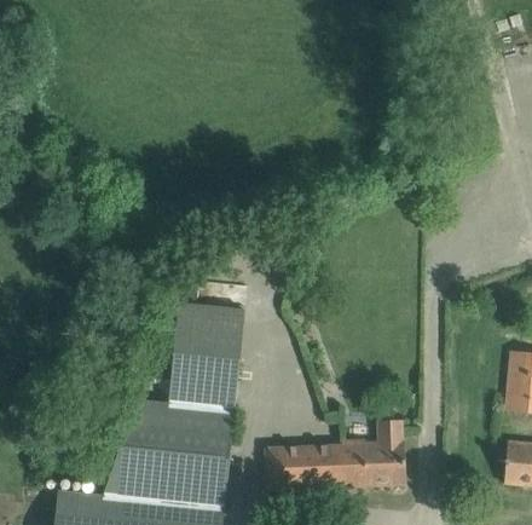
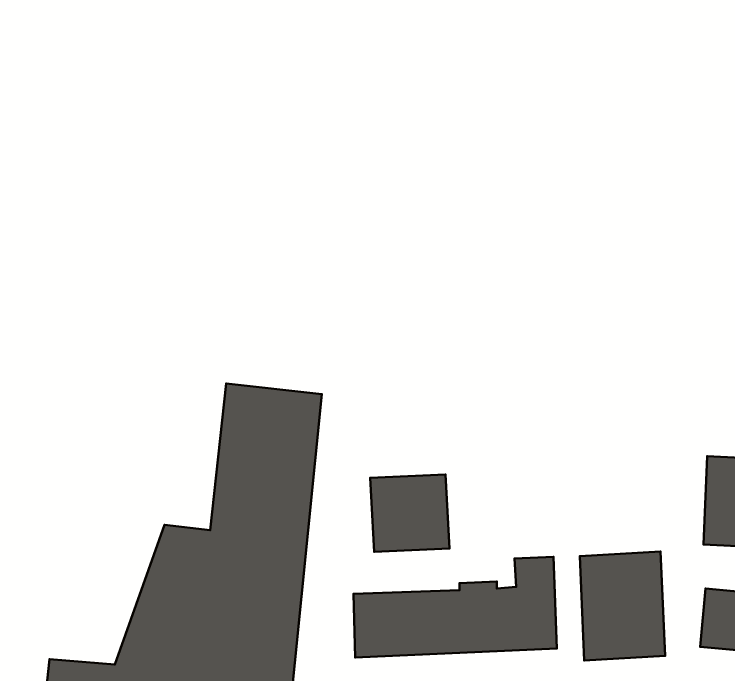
building: none -> [370,475,449,552]
building: none -> [580,552,665,660]

